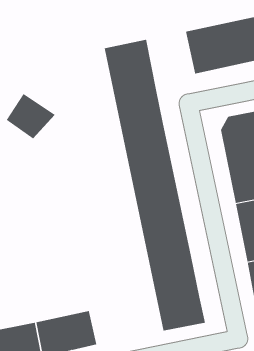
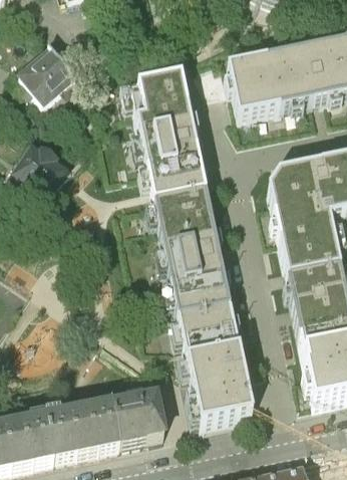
building: none -> [20,47,75,101]
building: none -> [112,395,164,443]

